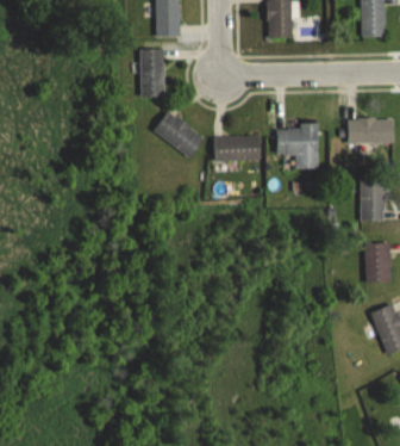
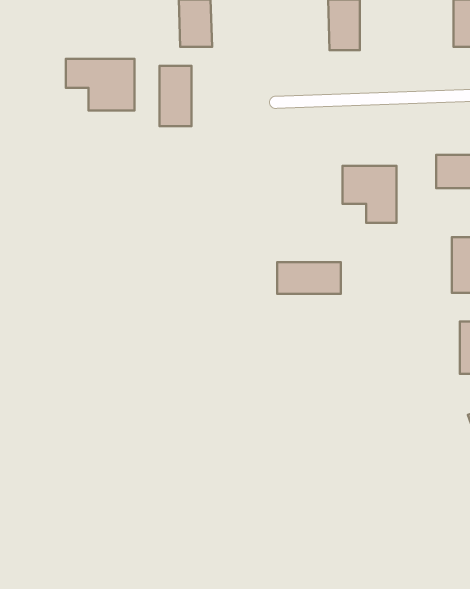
building: none -> [66,59,134,111]
building: [154,111,205,155] -> none
building: [213,136,261,160] -> [277,262,341,294]

